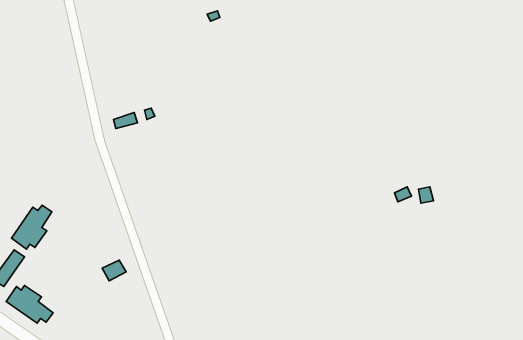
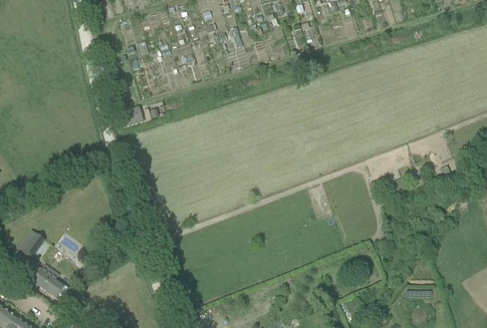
building: [11,205,52,249] -> none

